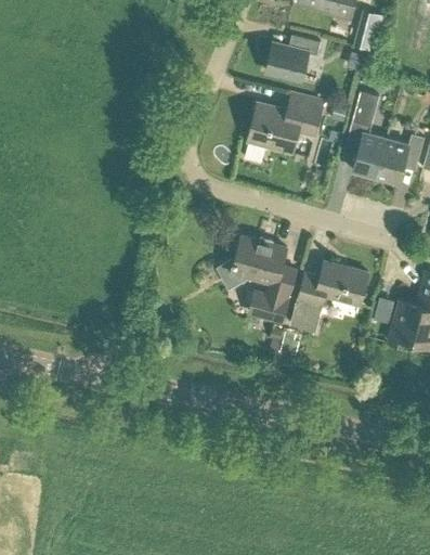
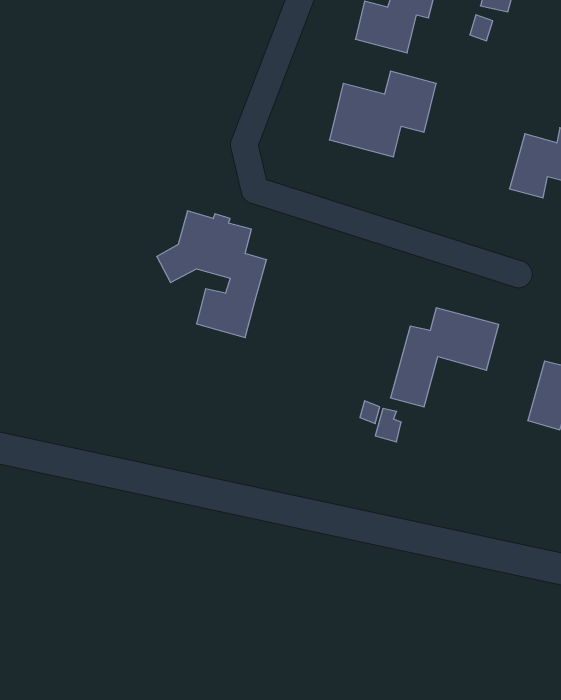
building: [344,91,386,176] -> none
building: [219,234,297,324] -> [157,211,267,338]

